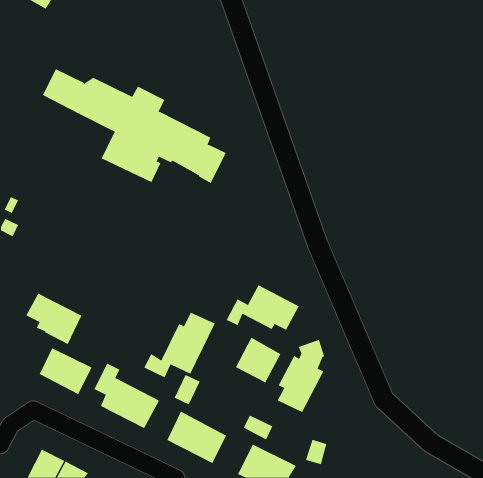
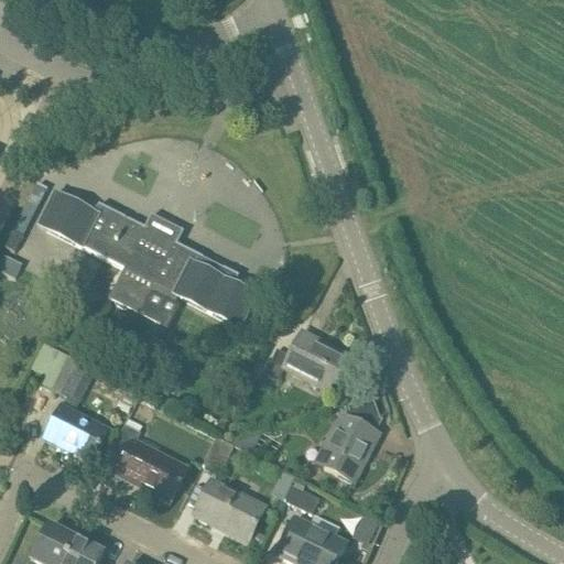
building: [42,69,226,184] -> [40,193,254,327]
building: [143,312,215,378] -> none
building: [235,337,281,383] -> none

